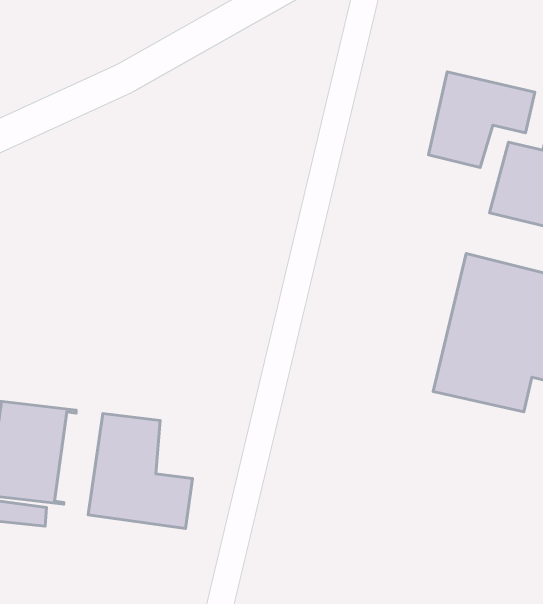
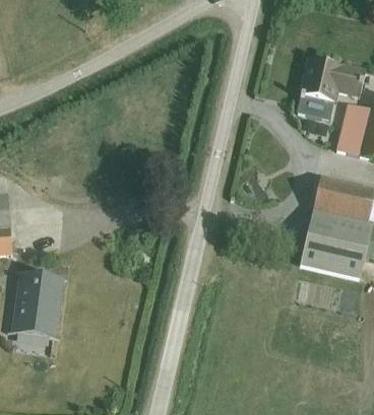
building: [88,413,192,528] -> none

